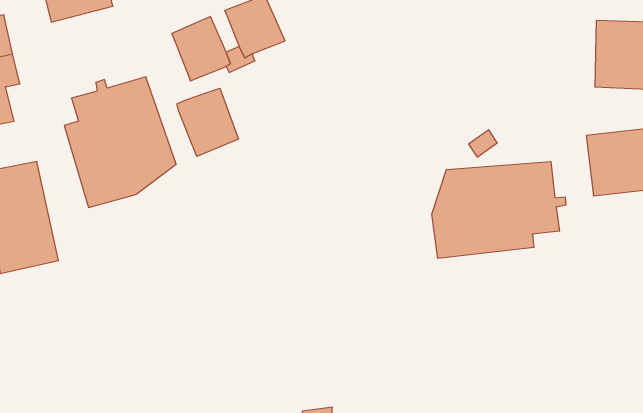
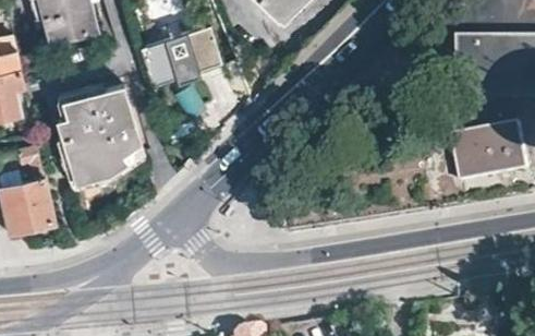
building: [177,88,238,156] -> none
building: [432,161,566,258] -> none

